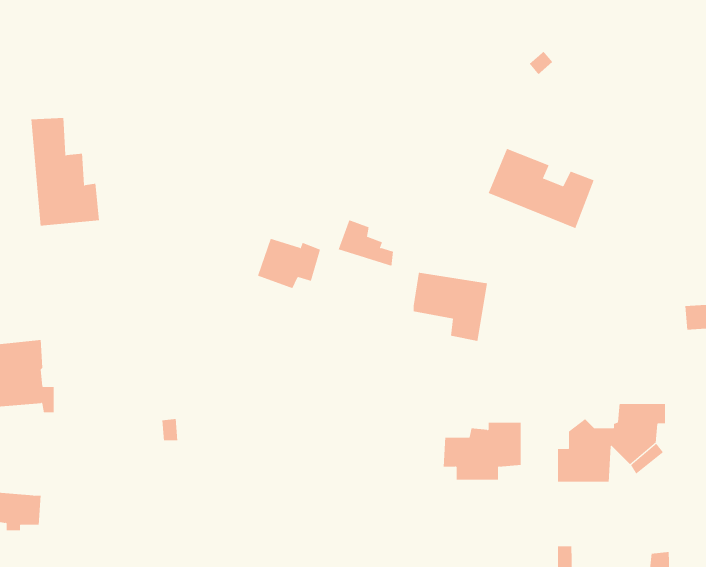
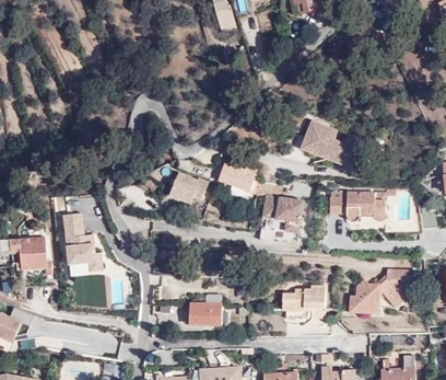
building: [30,117,100,226] -> [66,214,106,277]
building: none -> [329,195,385,223]
building: none -> [188,306,220,326]

